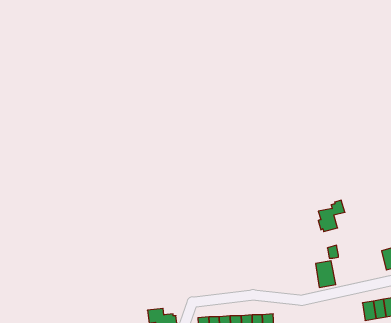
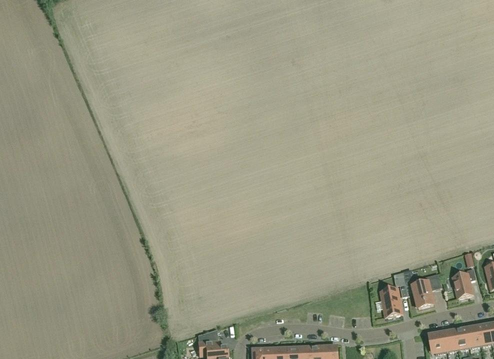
building: [318,200,345,232] -> [413,272,442,306]

